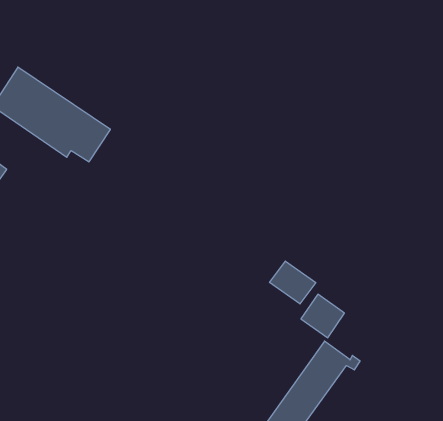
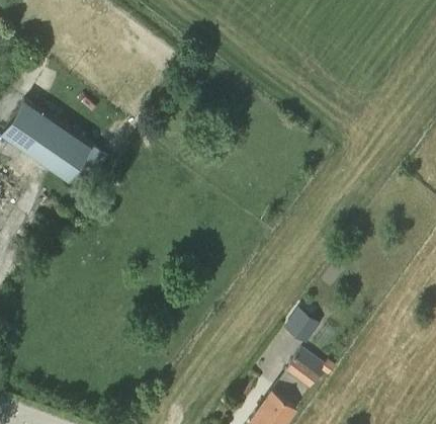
building: [270,261,316,304] -> none

